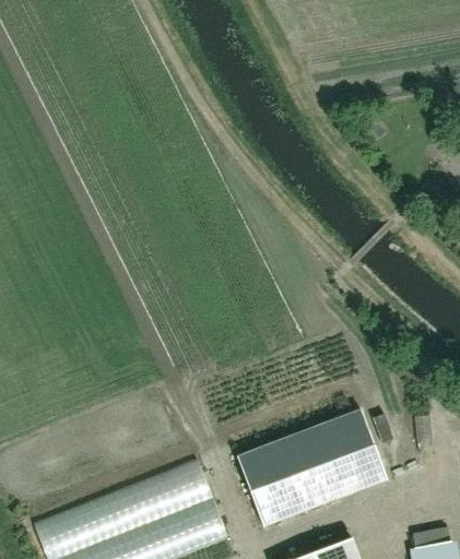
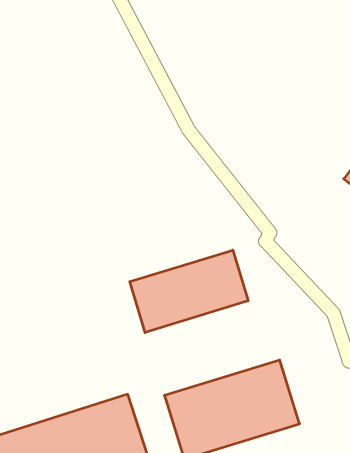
building: none -> [130,250,248,333]

